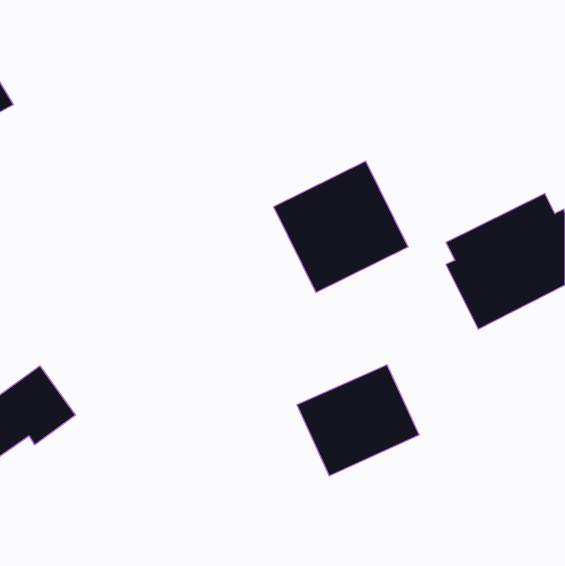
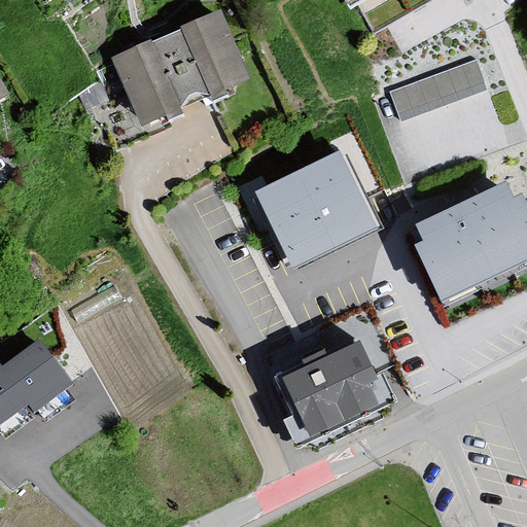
building: none -> [116,11,256,129]
building: none -> [387,54,486,112]

